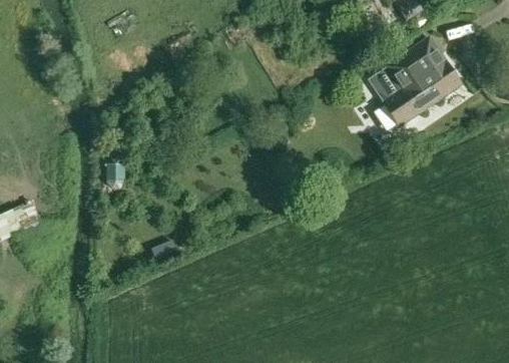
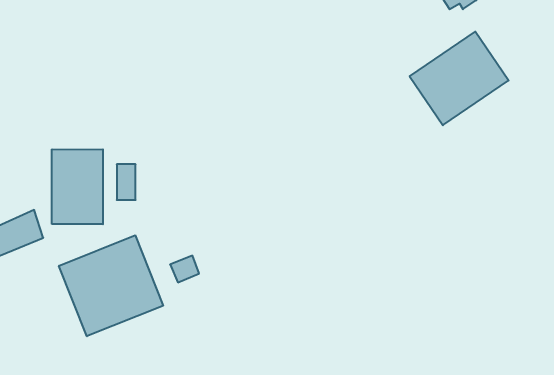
building: none -> [52,149,103,224]
building: none -> [59,235,163,336]

